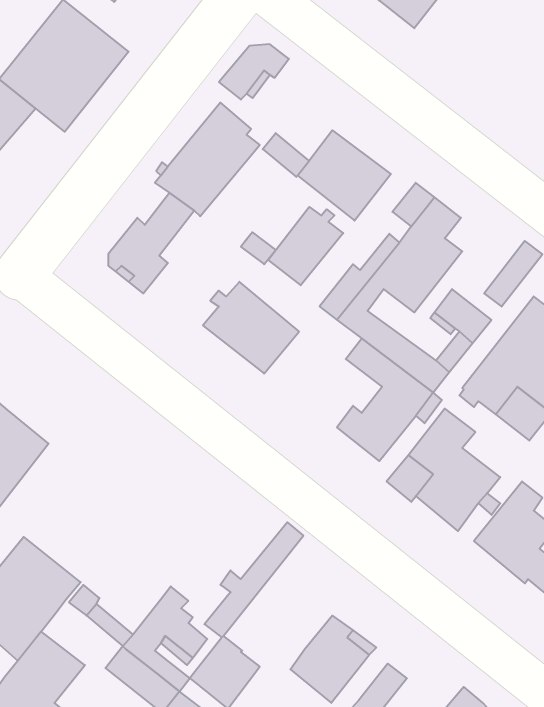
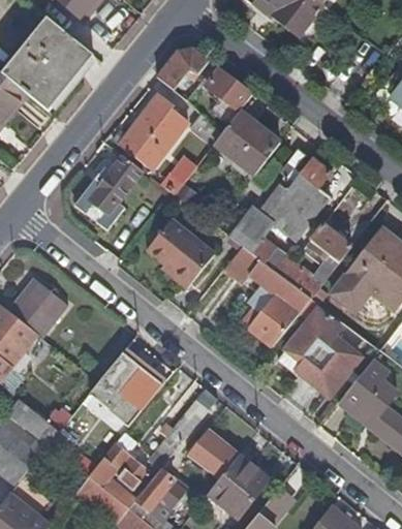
building: none -> [205,68,250,111]
building: [268,207,343,285] -> none
building: none -> [7,278,66,337]
building: none -> [89,351,167,427]
building: none -> [186,429,238,478]

